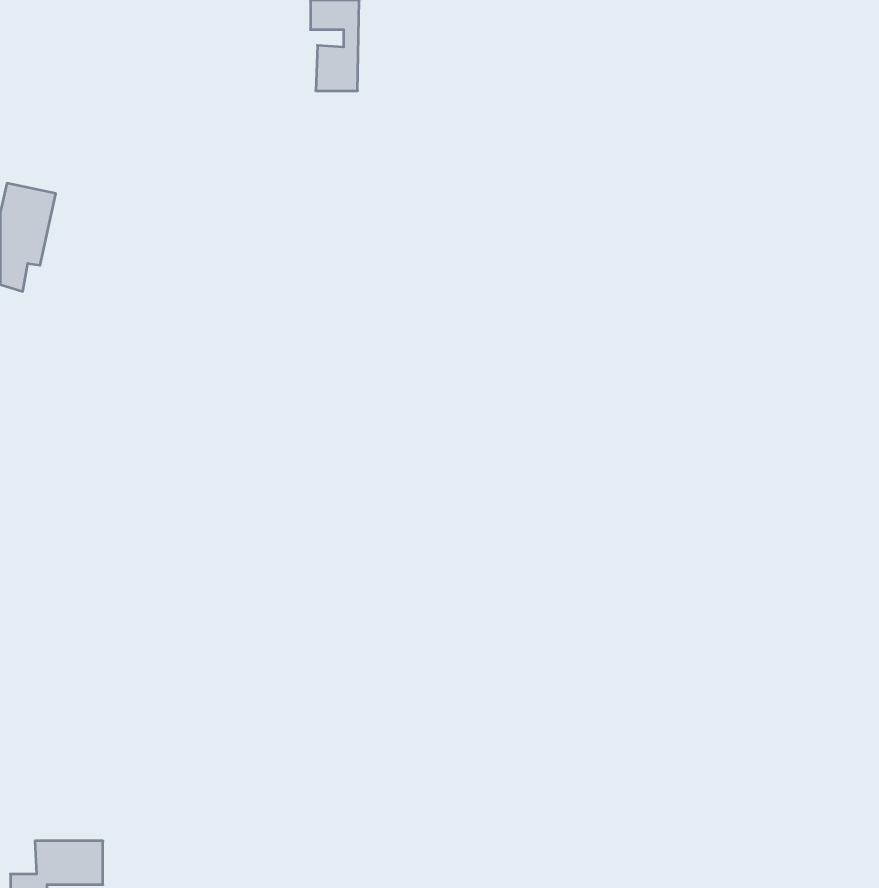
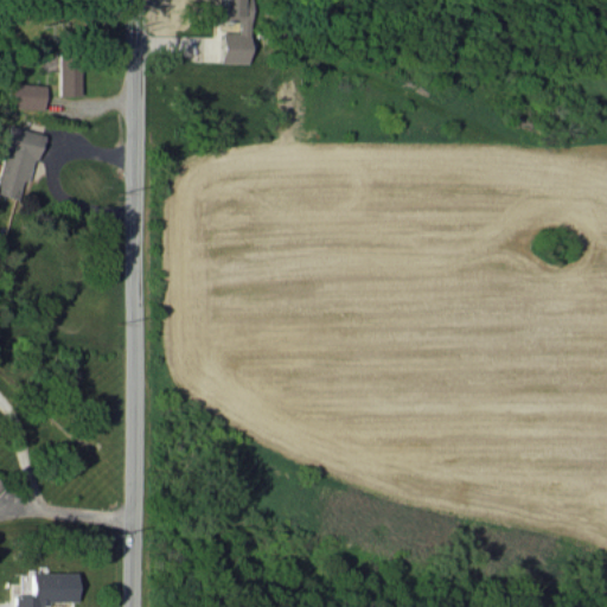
building: none -> [62,57,83,97]
building: none -> [13,84,49,110]

